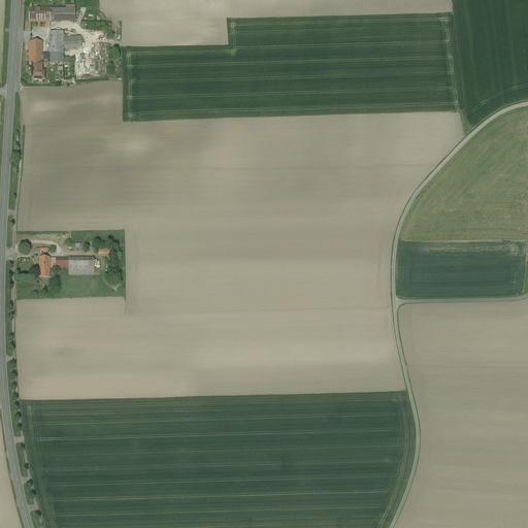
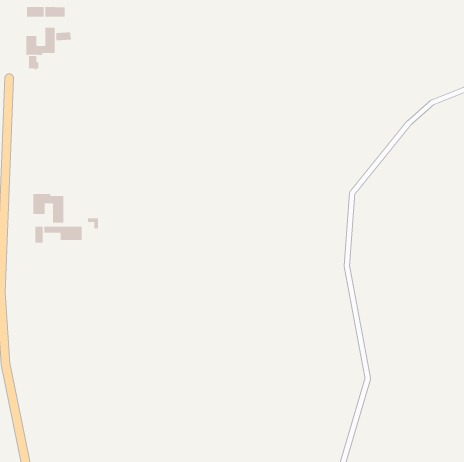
building: none -> [33,193,64,224]

